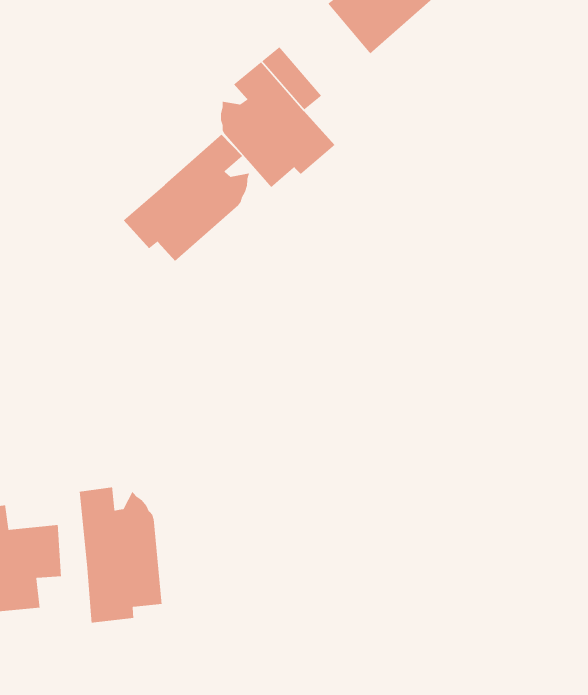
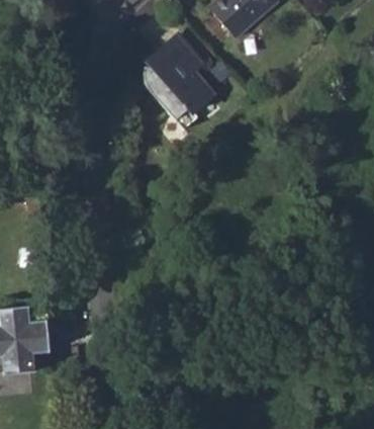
building: [123,134,250,262] -> none
building: [79,486,162,623] -> none

